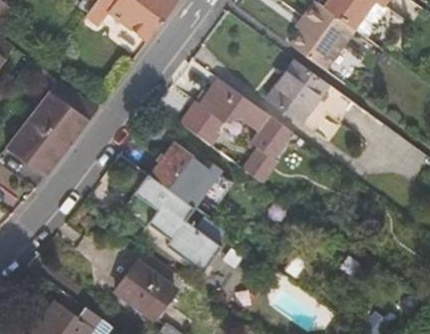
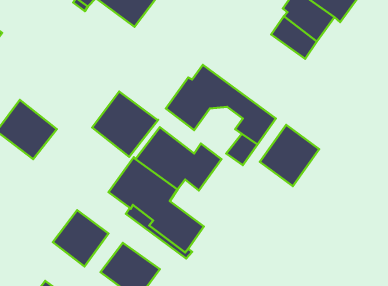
building: [267,58,328,121] -> [260,125,319,186]
building: [30,76,98,143] -> [92,92,158,157]
building: none -> [53,210,109,267]

